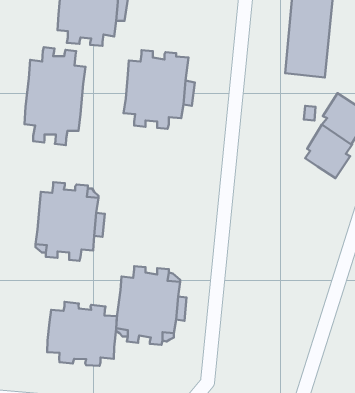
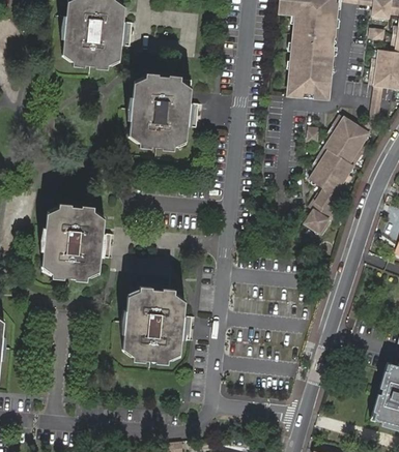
building: [24,47,85,145] -> none
building: none -> [304,188,338,235]
building: [47,302,117,366] -> none

